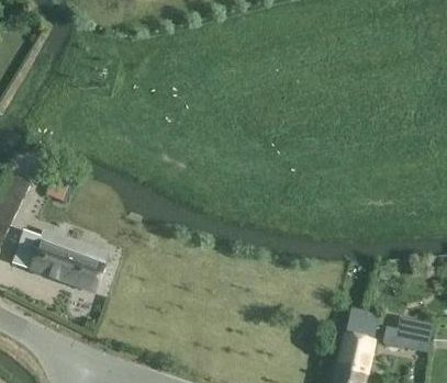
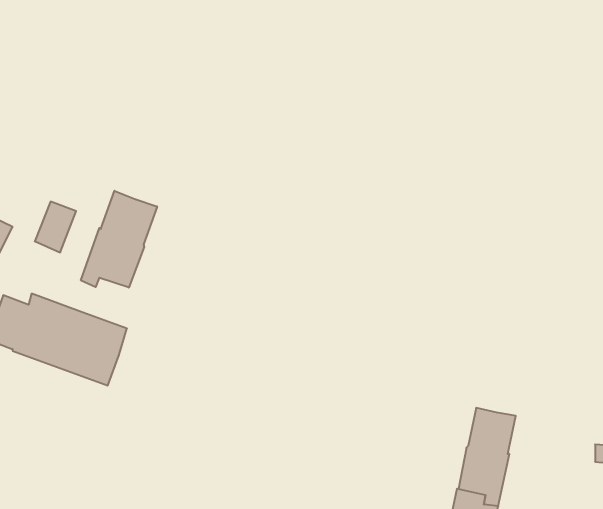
building: none -> [81,191,157,288]
building: [382,318,418,351] -> none

